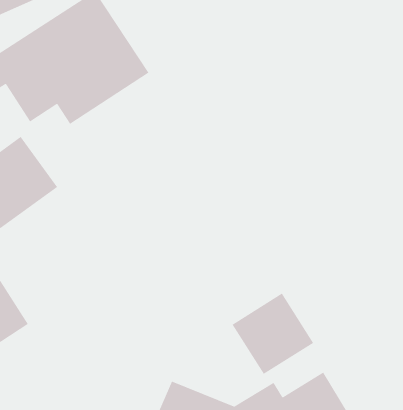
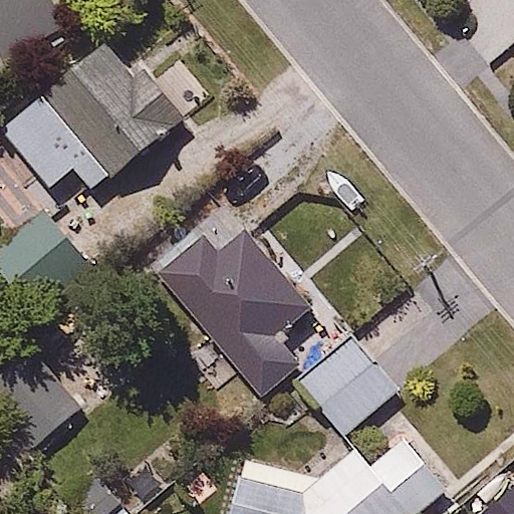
building: none -> [151,237,329,399]

